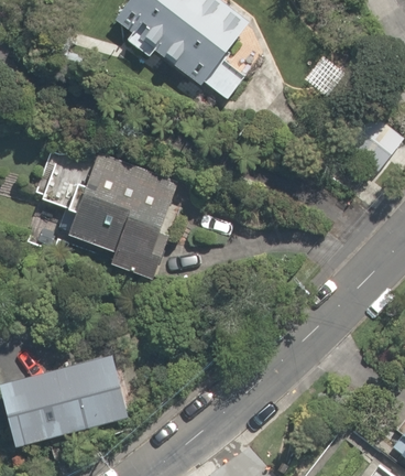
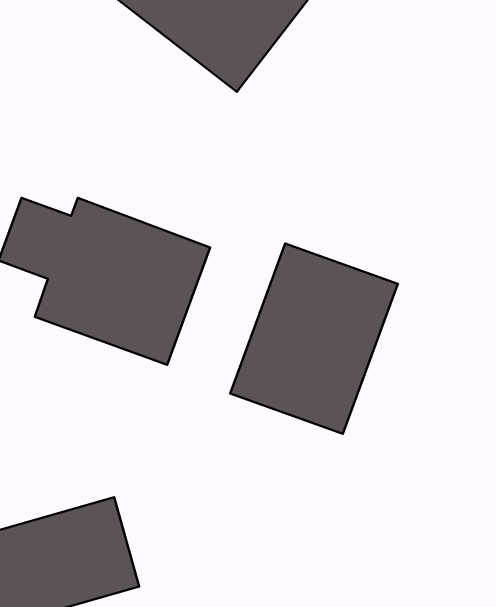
building: none -> [230,243,398,434]

